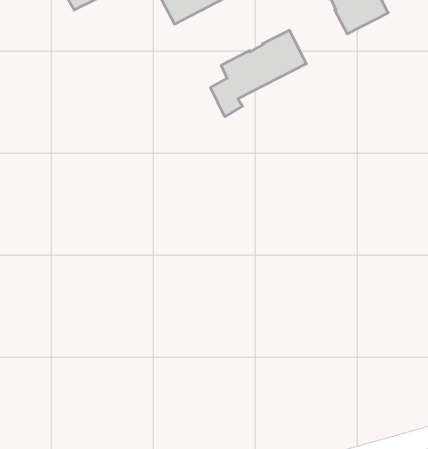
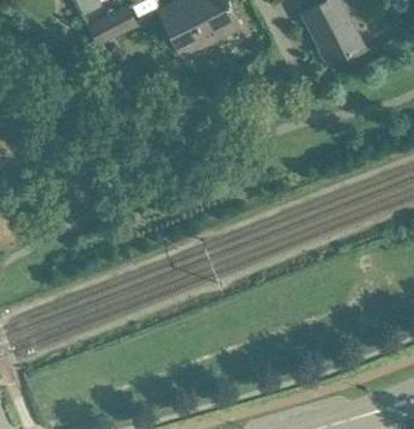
building: [211,30,306,117] -> none

